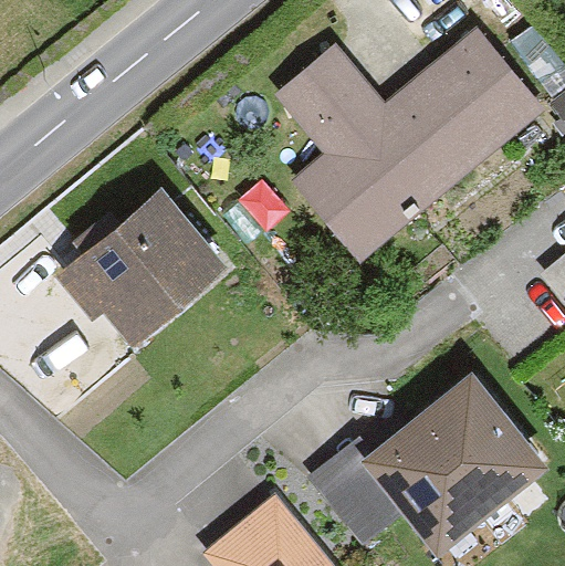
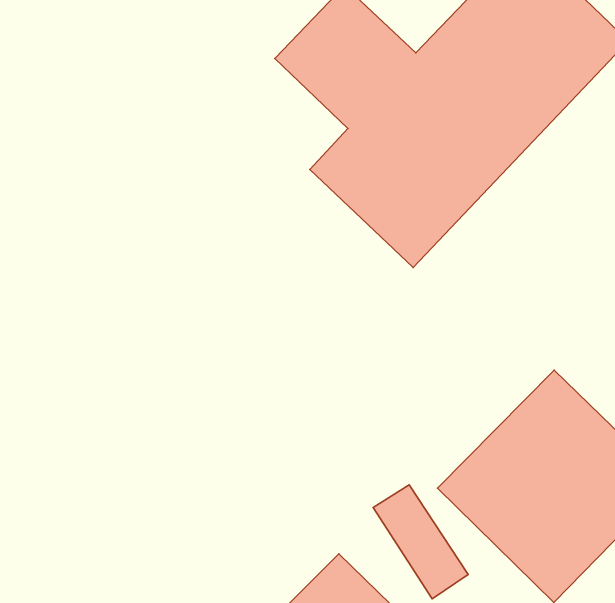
building: [59,179,239,349] -> none

